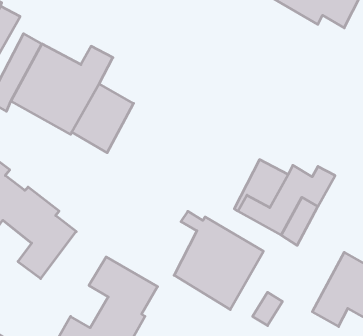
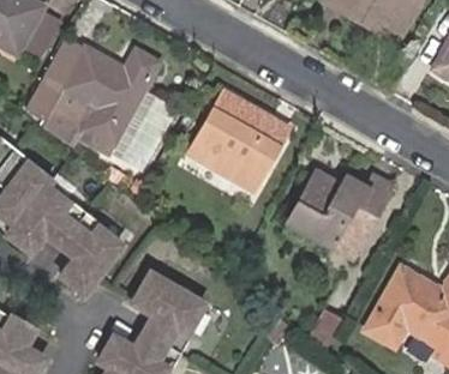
building: [174,211,263,310] -> [192,86,286,189]

